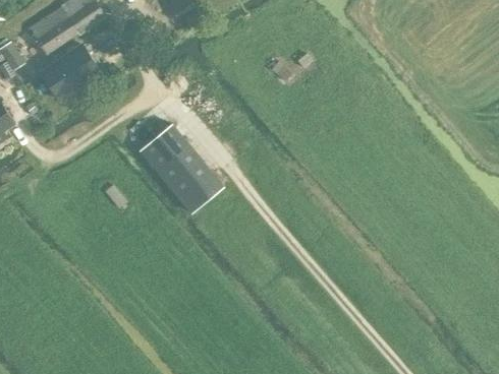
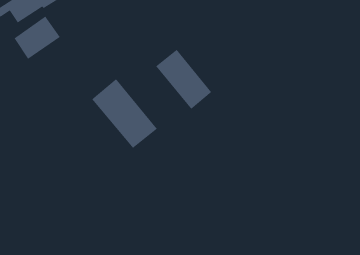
building: none -> [155,49,212,110]

